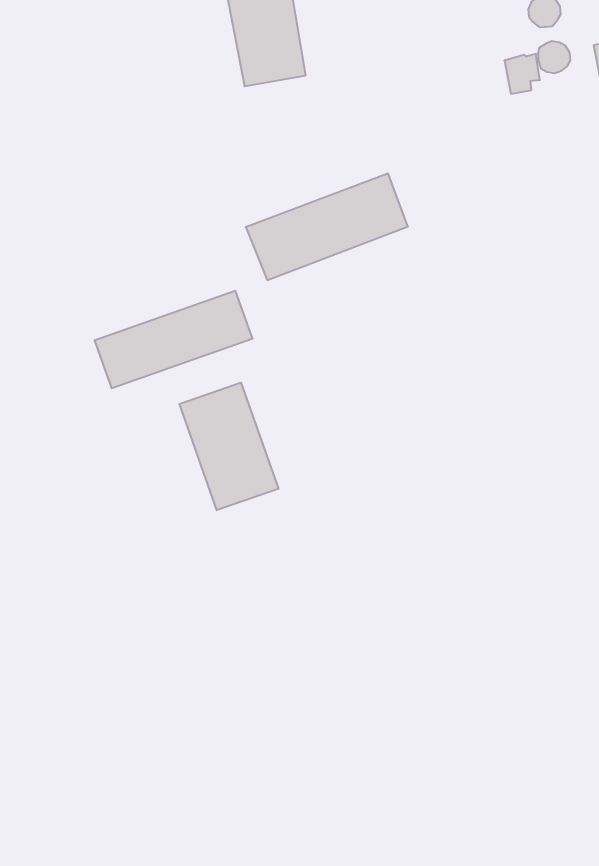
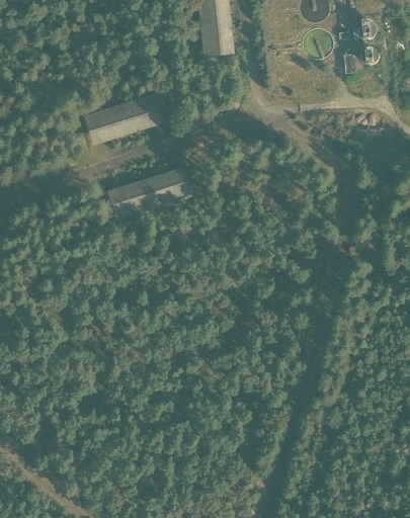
building: [246,174,408,280] -> [80,93,167,145]
building: [179,383,278,510] -> none

